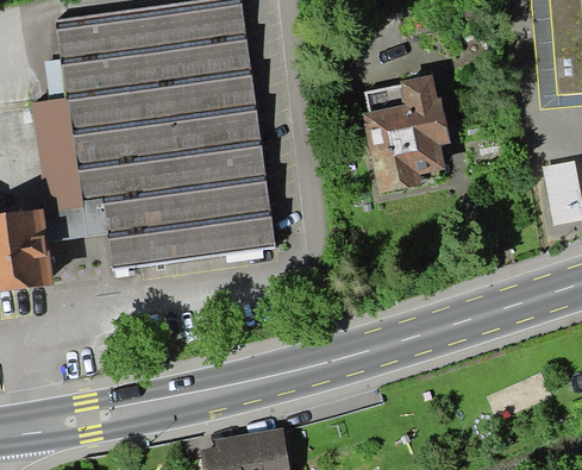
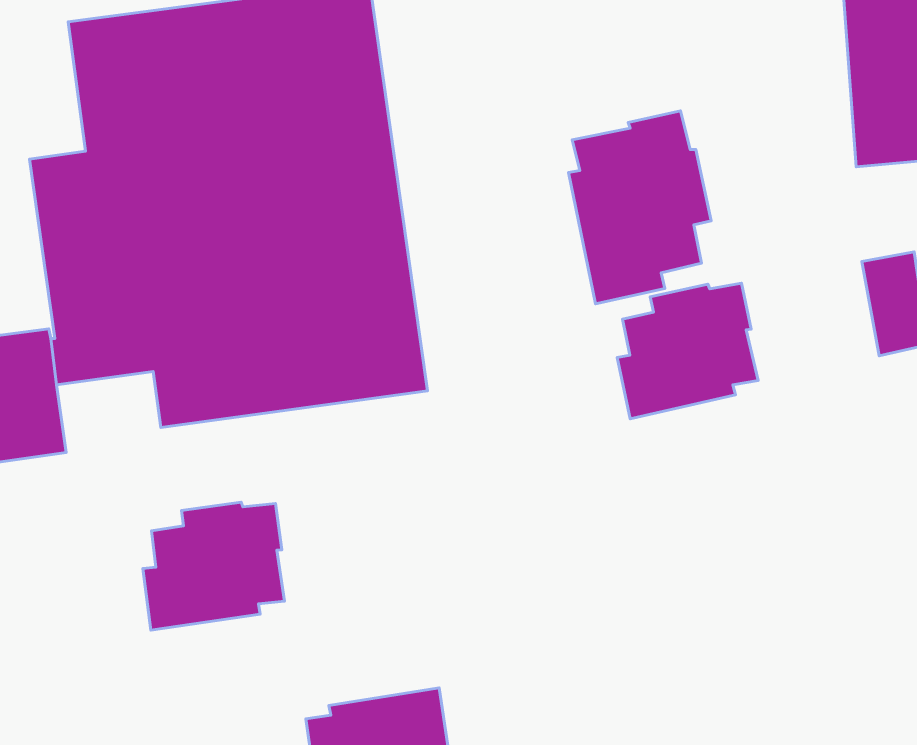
building: none -> [617,283,758,419]
building: none -> [143,502,285,630]

